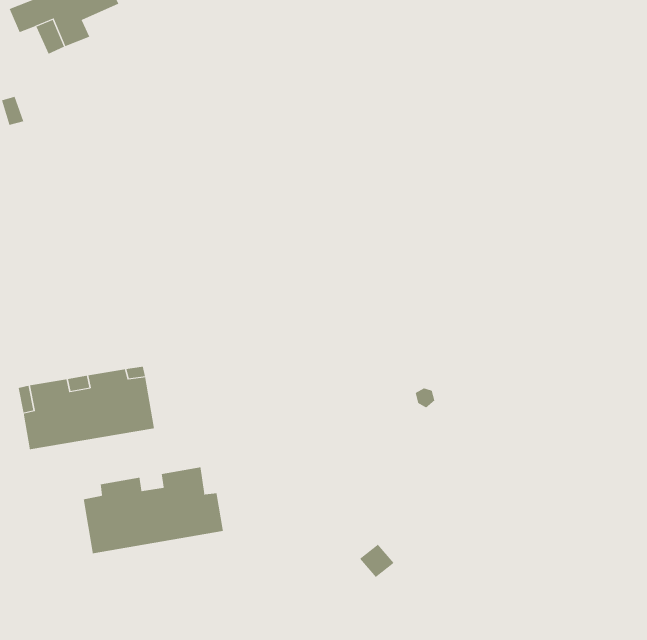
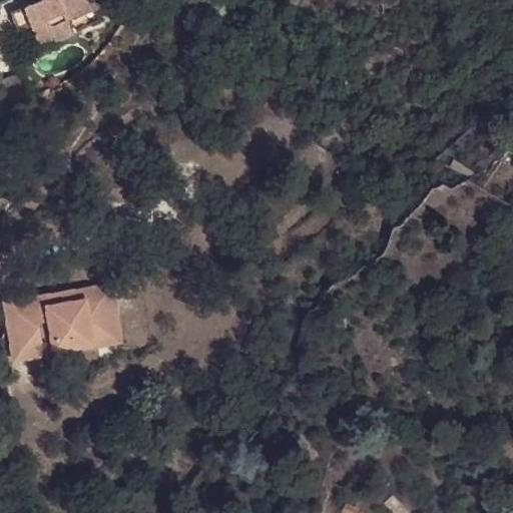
building: [83,467,224,554] -> none

